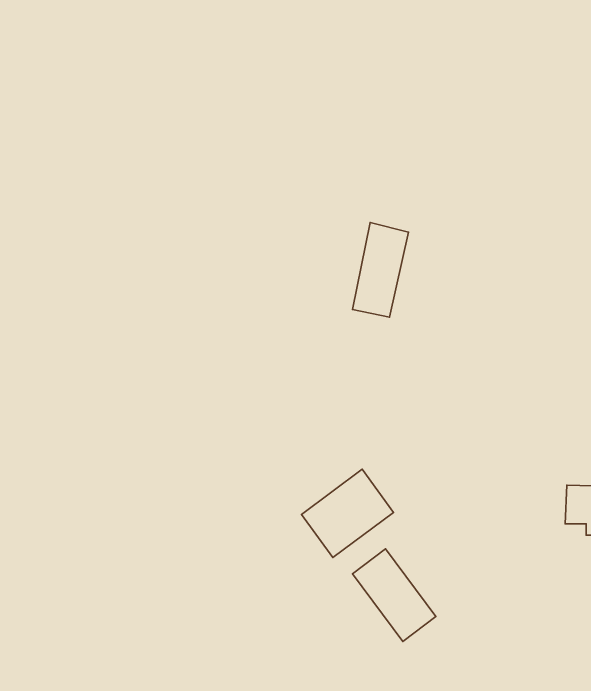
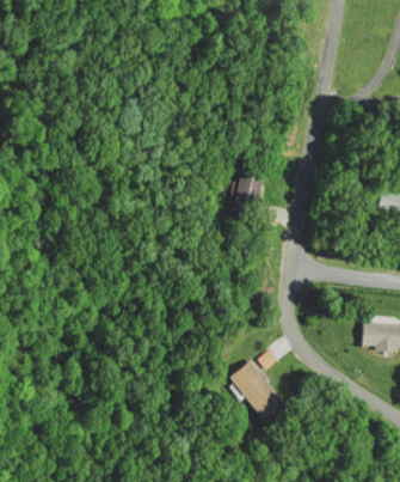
building: [301,469,394,558] -> none

